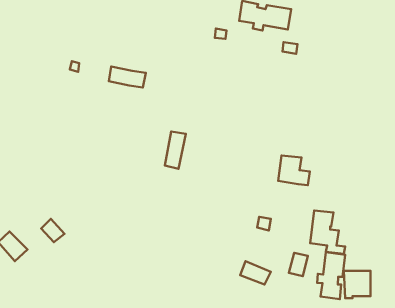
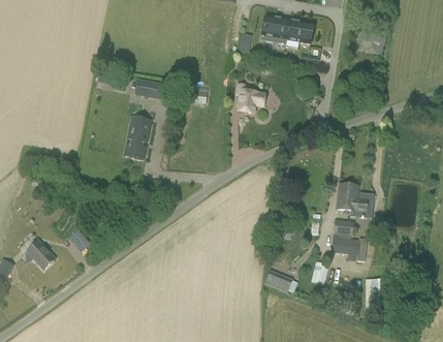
building: none -> [234,82,265,113]
building: [165,132,186,169] -> [127,122,148,158]
building: [278,155,310,185] -> [337,183,368,212]
building: [317,252,345,299] -> none

